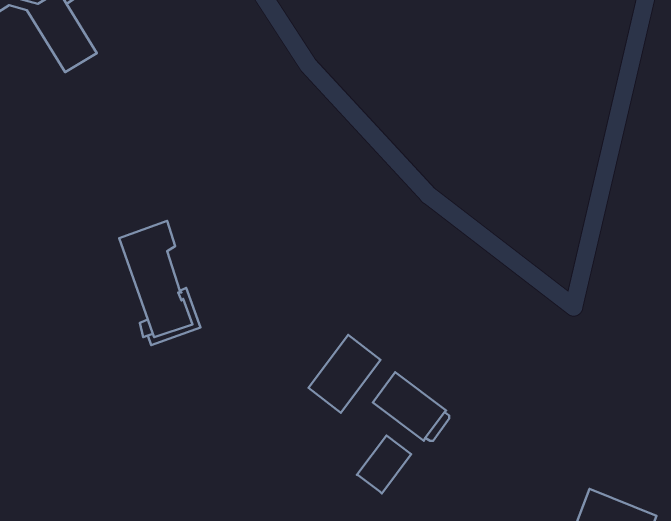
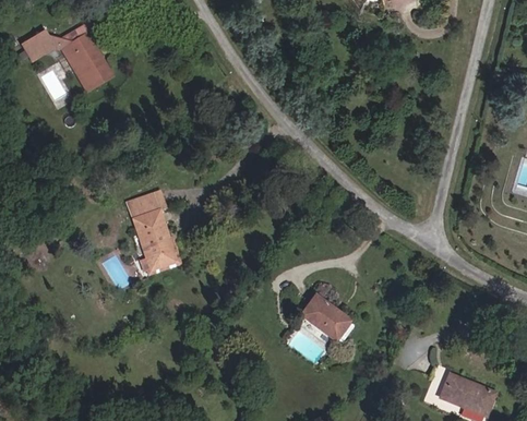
building: [309,335,381,413] -> none
building: [357,435,411,494] -> none

